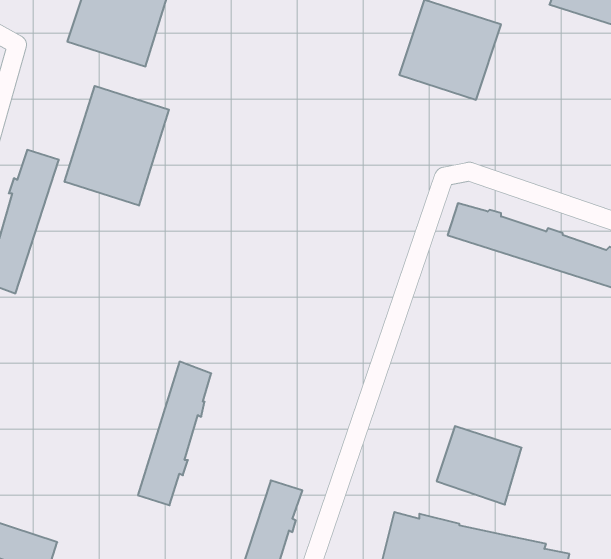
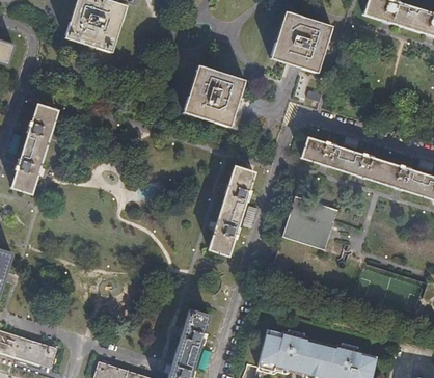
building: none -> [183,63,246,127]
building: [65,86,169,206] -> none
building: [138,362,211,505] -> [209,166,254,255]
building: [437,426,522,505] -> [284,195,337,244]

